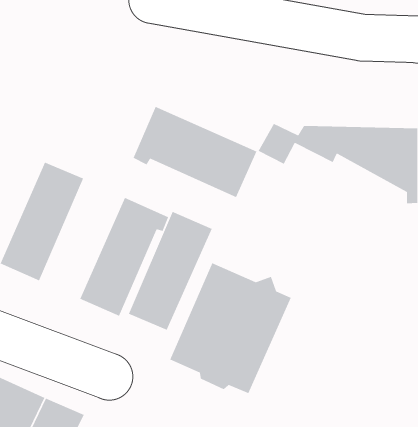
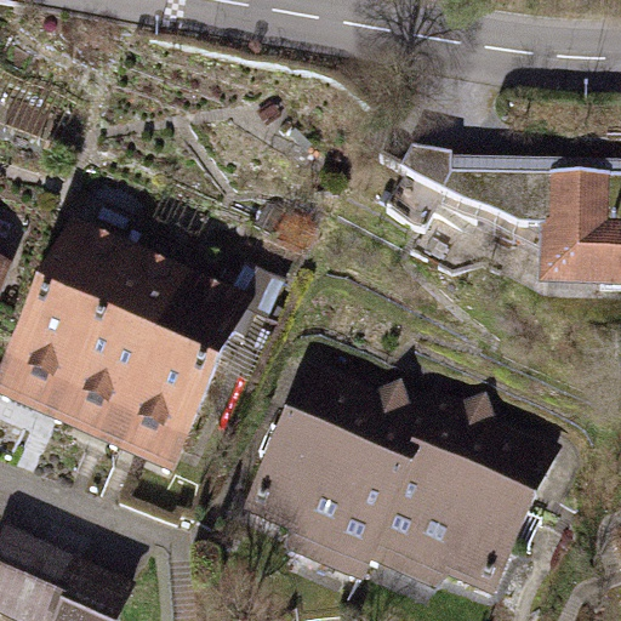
building: [132,106,257,198] -> none
building: [128,211,213,331] -> [57,262,180,435]
building: none -> [368,415,543,605]

